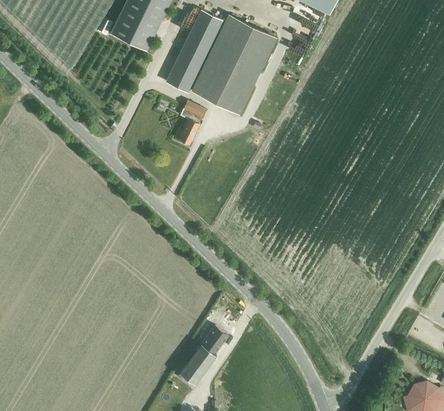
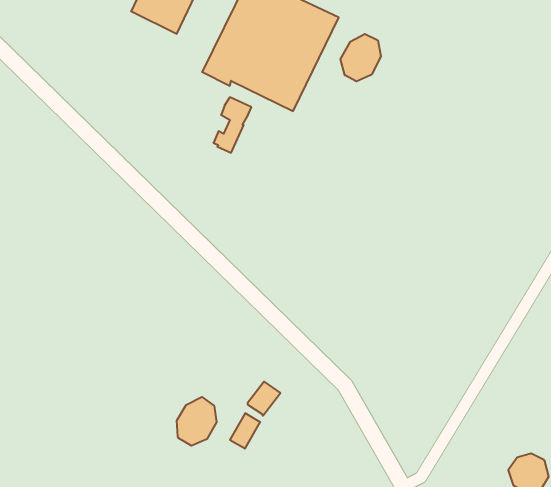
building: none -> [341,34,381,81]
building: none -> [177,397,217,446]

